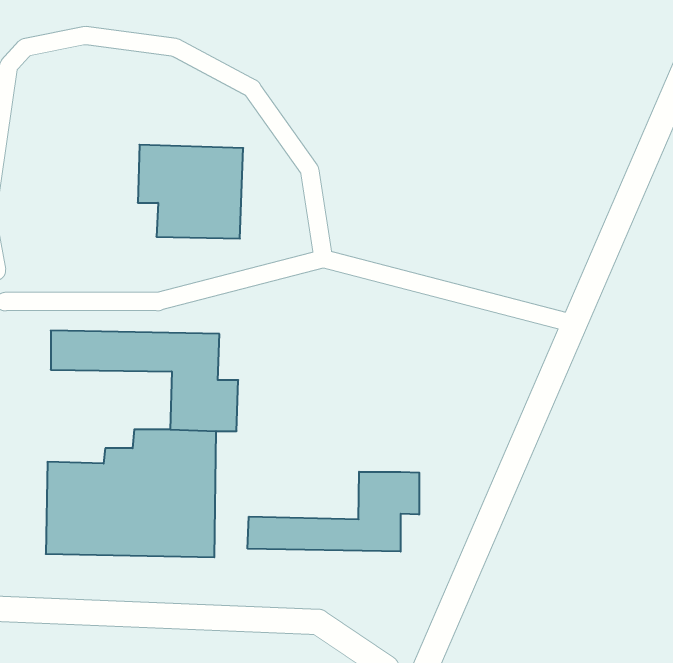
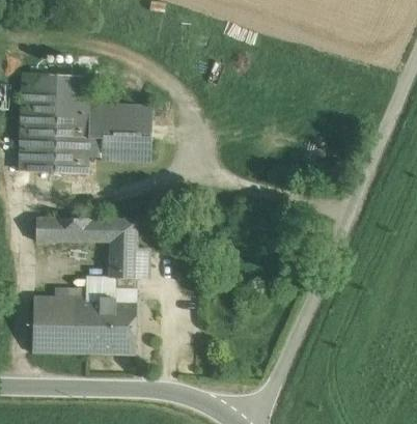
building: none -> [18,74,89,174]
building: [248,472,419,552] -> none

